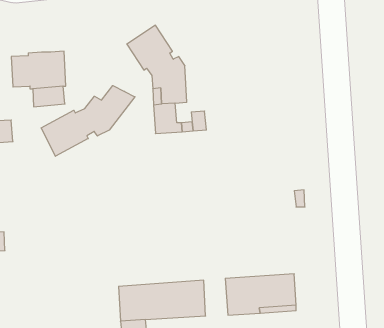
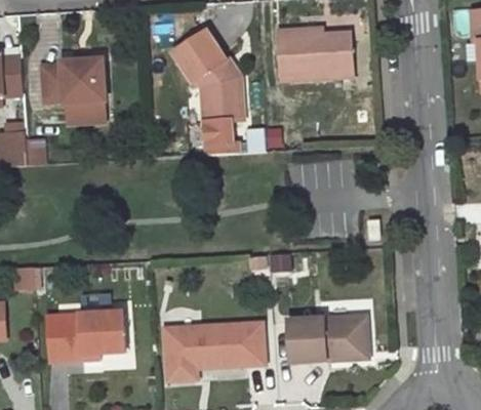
building: none -> [278,29,353,79]
building: [41,86,135,156] -> none
building: none -> [64,312,126,359]

